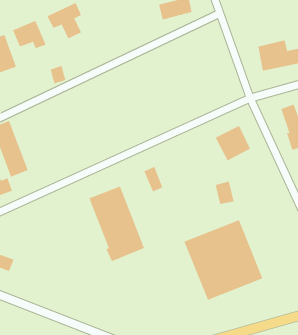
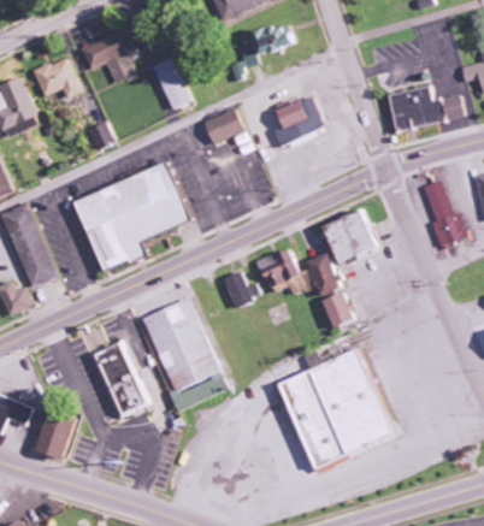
building: none -> [152,57,185,107]
building: none -> [271,95,323,146]
building: none -> [202,108,243,143]
building: none -> [76,164,189,270]
building: none -> [255,247,312,295]
building: none -> [308,252,342,295]
building: none -> [89,339,147,416]
building: none -> [37,408,75,457]

